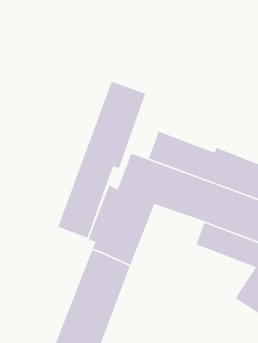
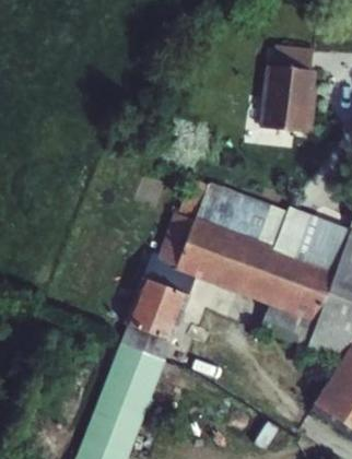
building: none -> [255,38,307,128]
building: [57,81,146,239] -> none

